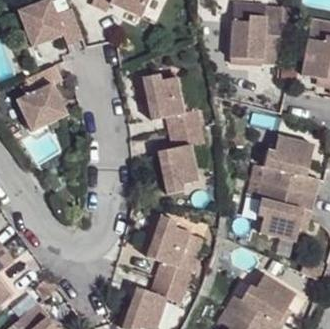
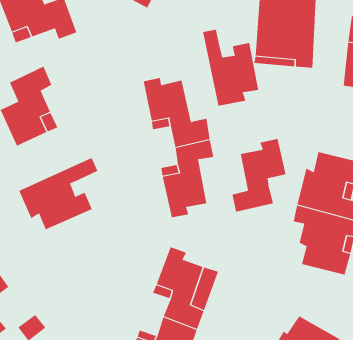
building: none -> [203,29,259,107]
building: none -> [232,138,286,212]
building: none -> [19,157,98,230]

